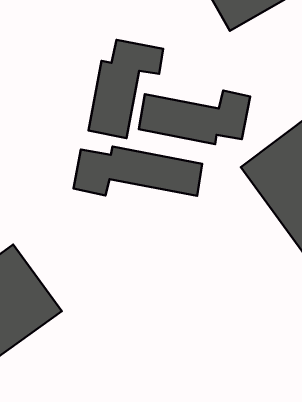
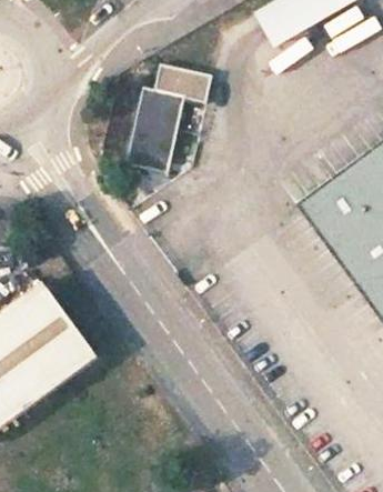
building: [139,91,250,144] -> none
building: [74,146,202,196] -> none

